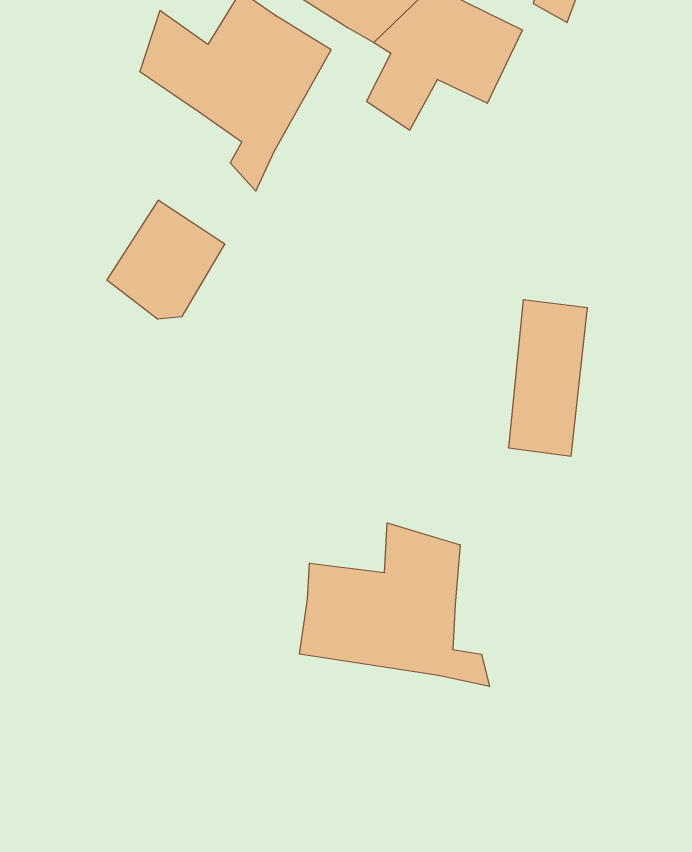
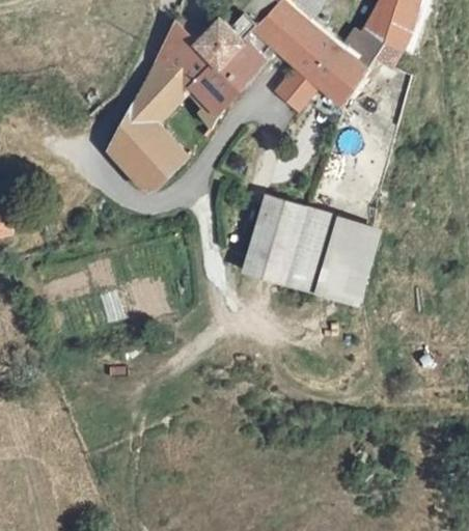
building: none -> [105,55,184,165]
building: none -> [248,195,342,294]
building: [300,523,489,687] -> none

